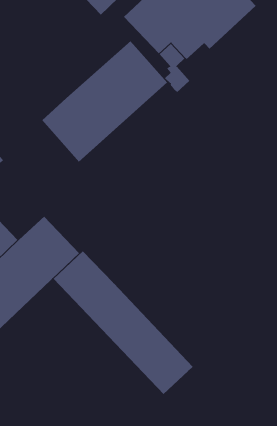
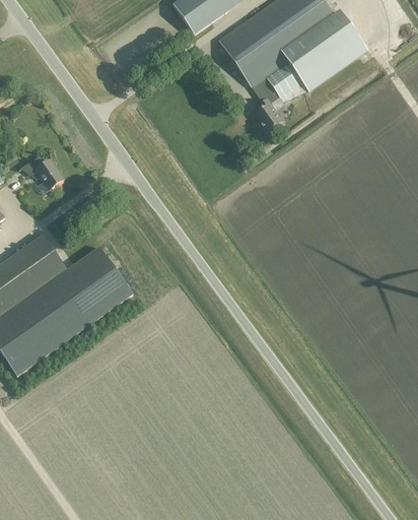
building: [41,40,168,162] -> none
building: [53,251,193,395] -> none

